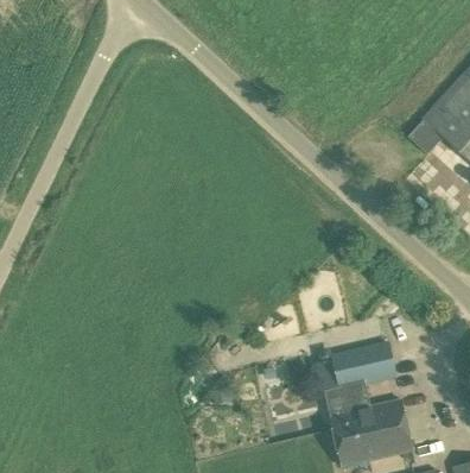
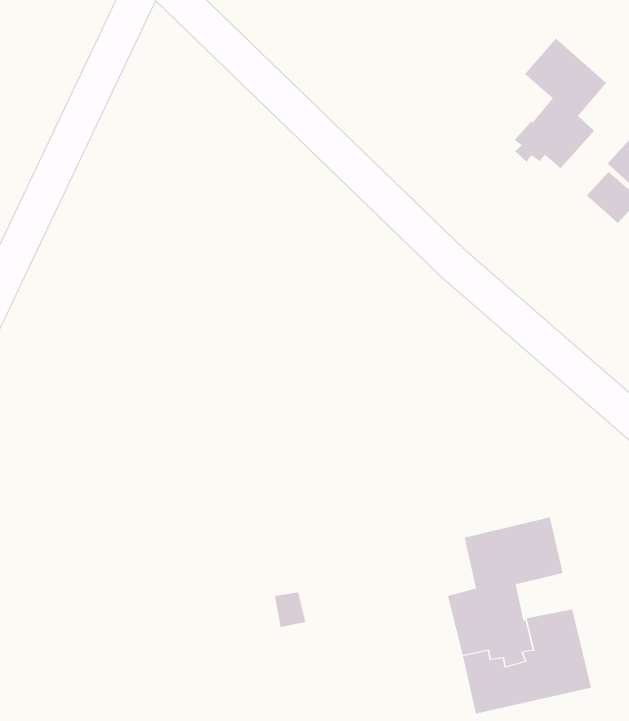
building: none -> [514,38,607,169]

